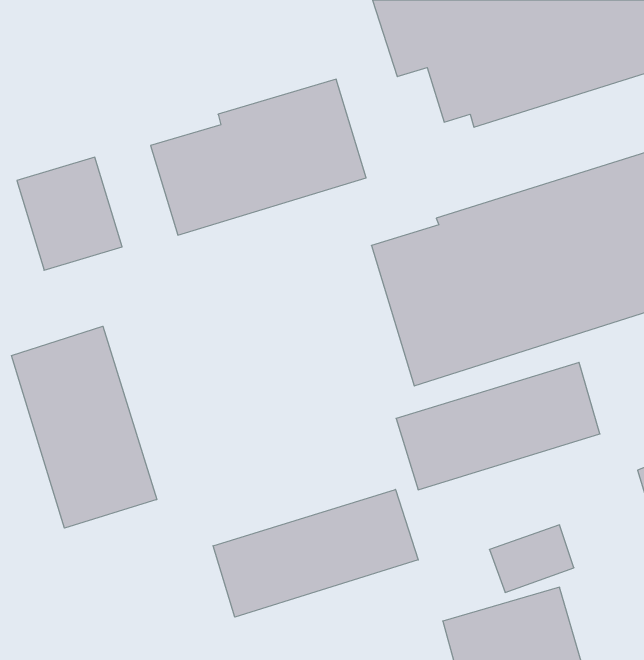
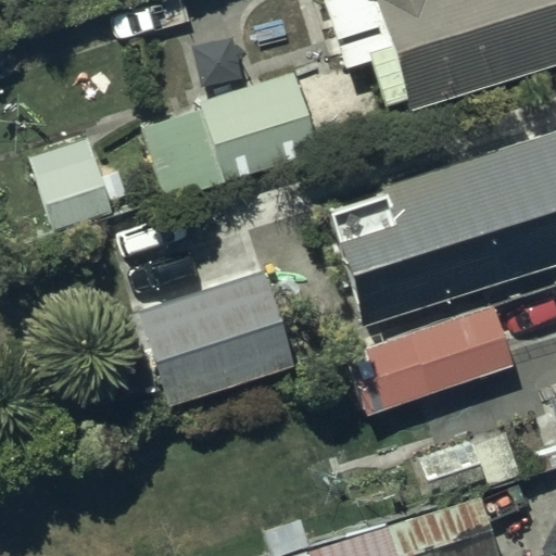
building: none -> [138,269,298,407]
building: [11,326,157,528] -> none
building: [213,489,418,617] -> none

